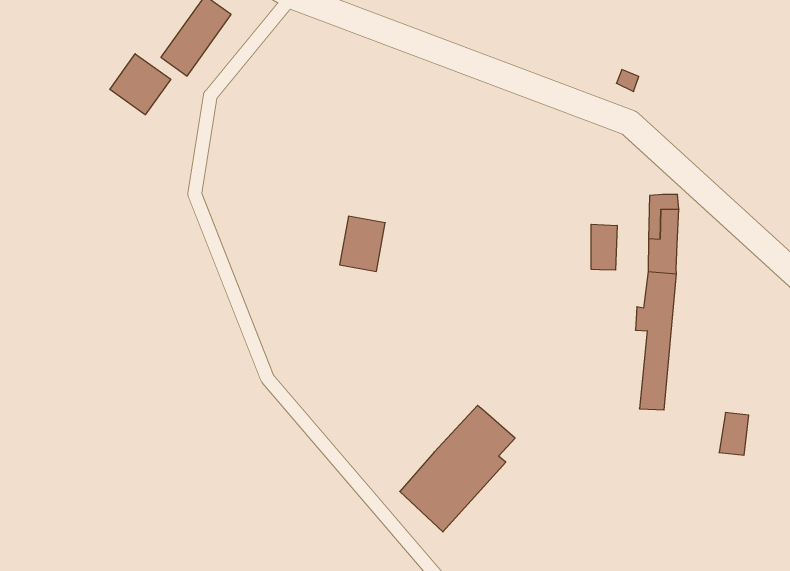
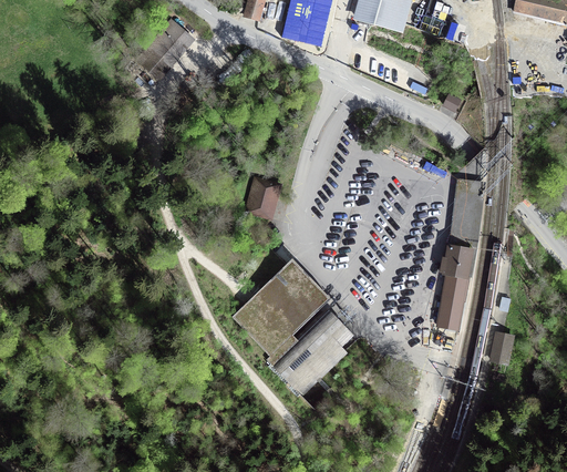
building: [110,54,171,115] -> none
building: [591,224,617,270] -> none
building: none -> [234,260,331,366]

